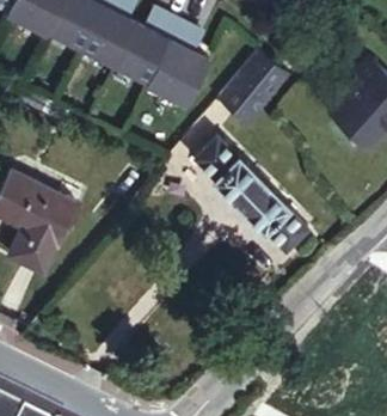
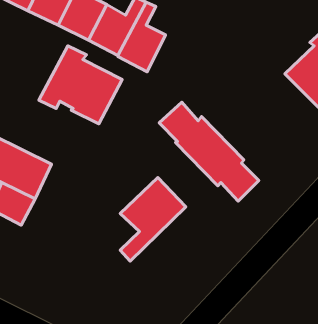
building: [217,51,289,127] -> none
building: none -> [39,46,122,124]
building: none -> [120,178,186,261]

